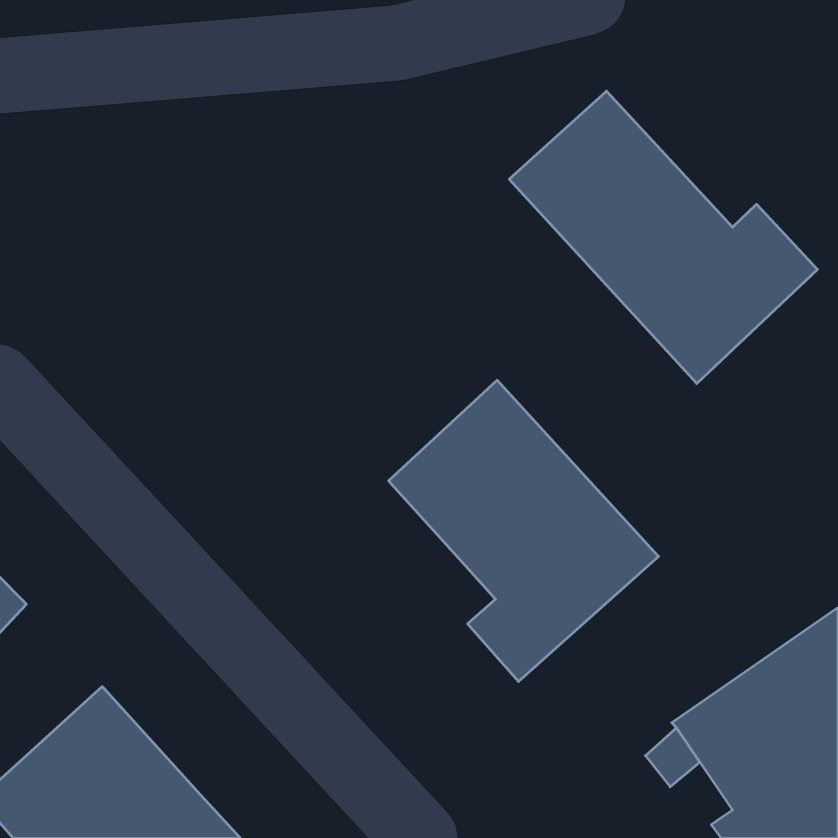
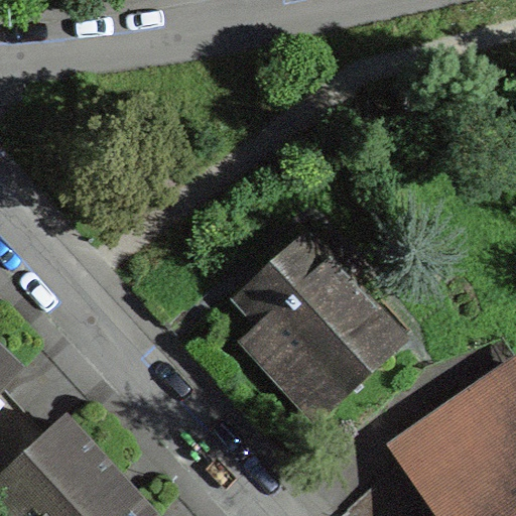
building: [509,91,818,384] -> none

